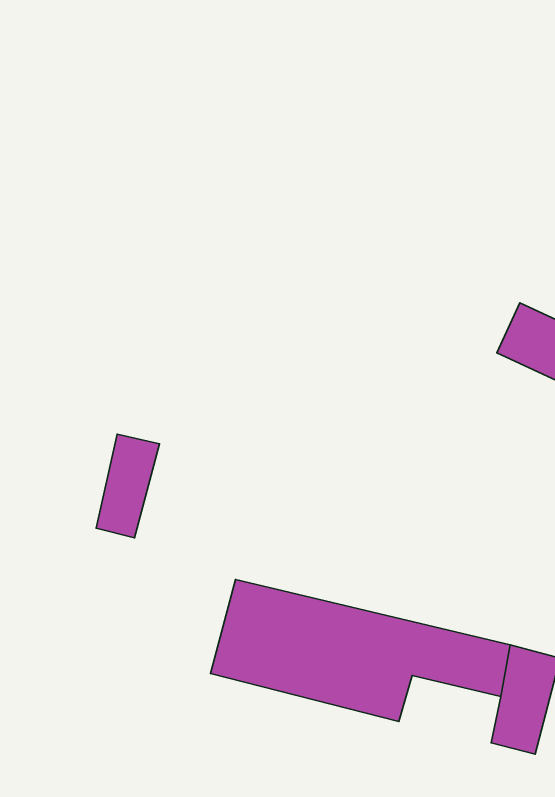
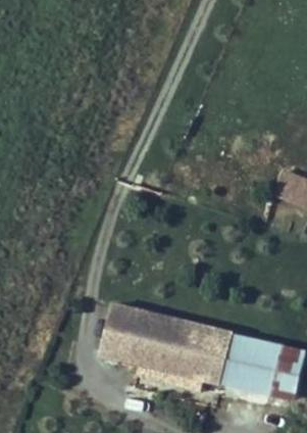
building: [96,434,160,538] -> [100,305,134,360]
building: none -> [220,362,274,397]

